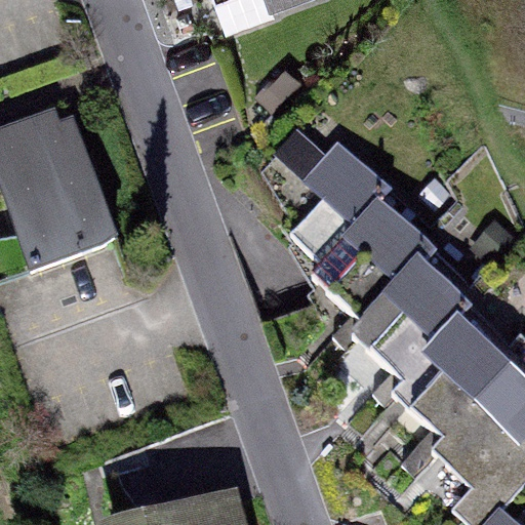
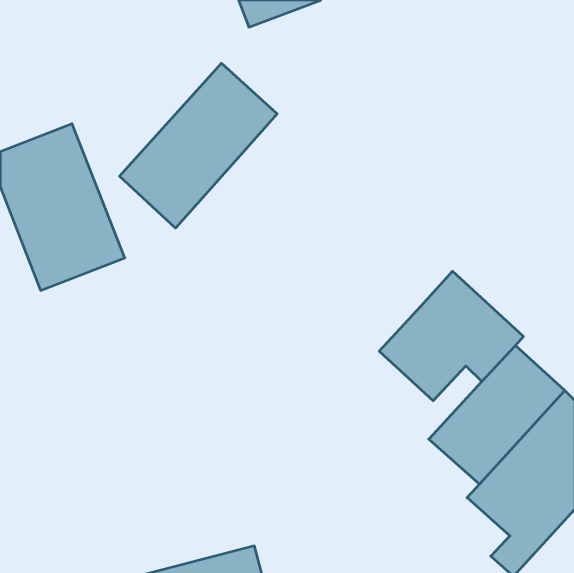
building: none -> [120,63,277,228]
building: [278,131,435,291] -> none

